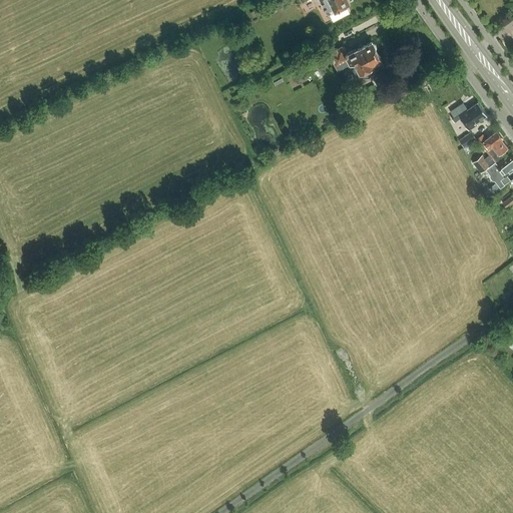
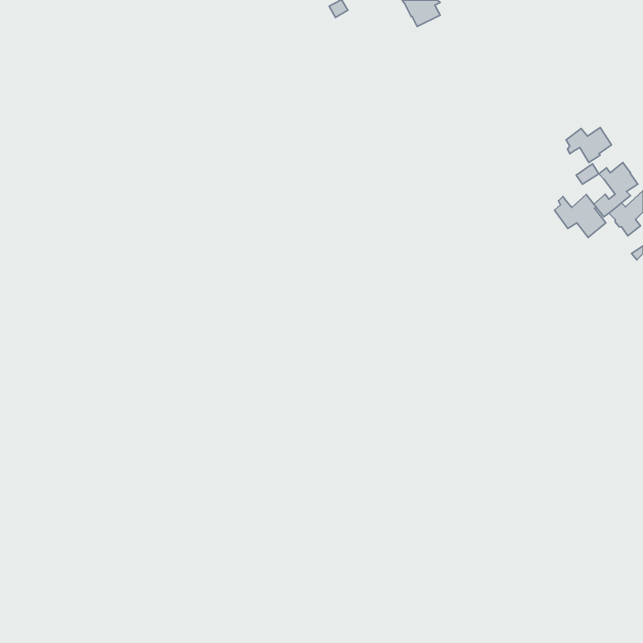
building: [329,42,381,77] -> none
building: none -> [554,195,606,238]

